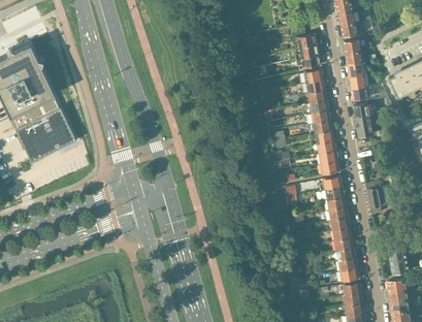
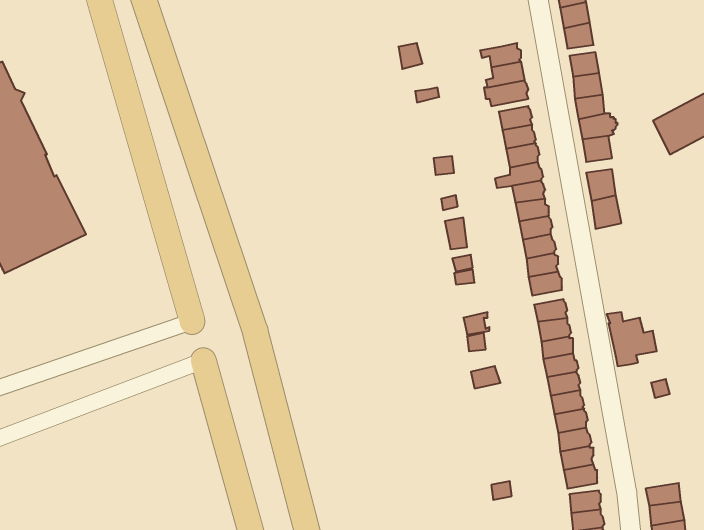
building: [387,249,409,275] -> none

